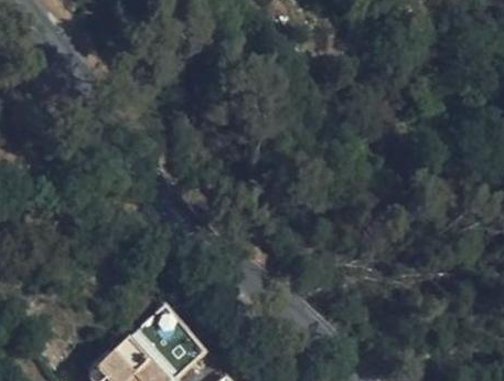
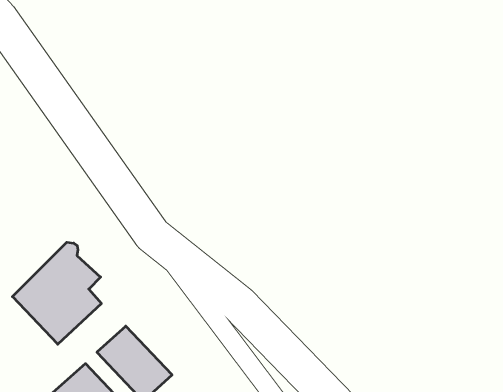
building: none -> [12,242,101,344]

